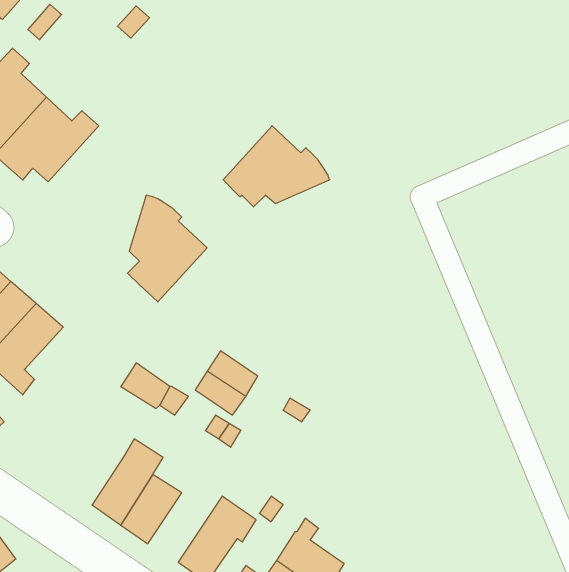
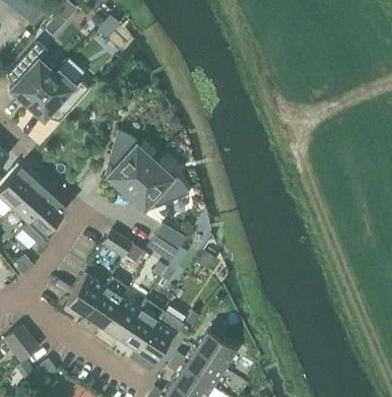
building: [223,126,330,207] -> [125,161,189,210]
building: none -> [67,275,105,316]
building: none -> [119,299,164,350]

